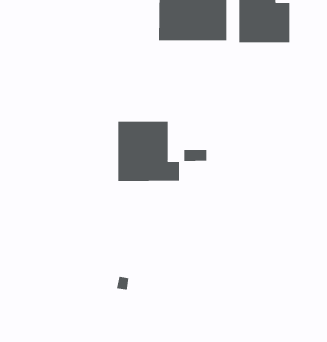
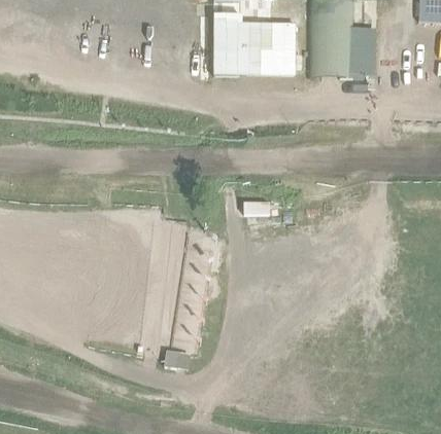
building: [118,121,180,182] -> none

